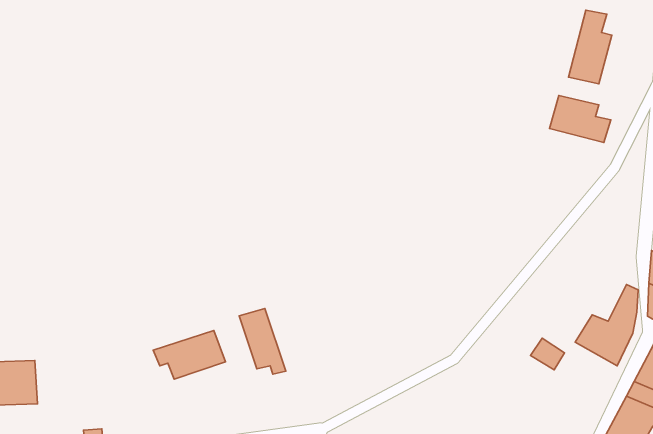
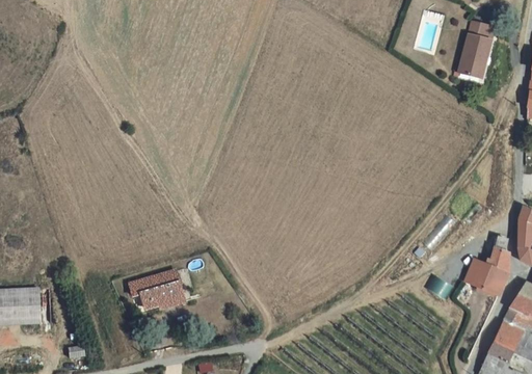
building: [549,96,611,142] -> none
building: [239,309,286,374] -> none

